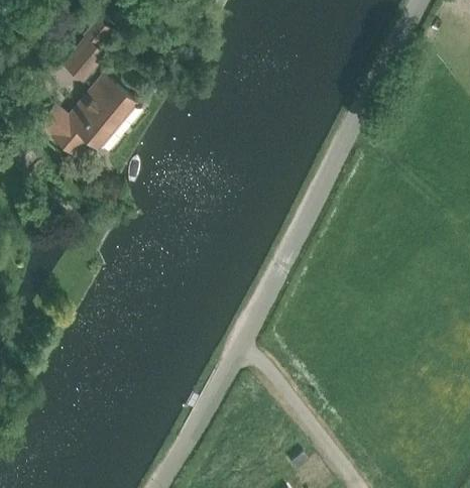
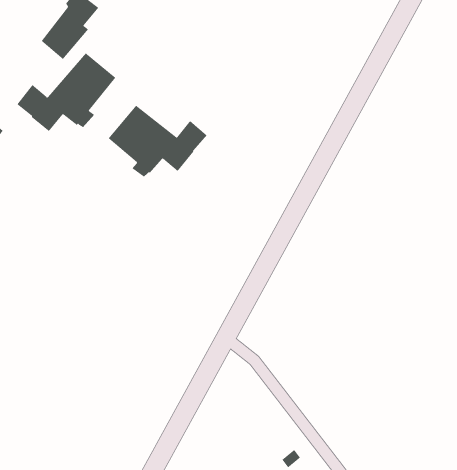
building: none -> [108,105,207,178]

